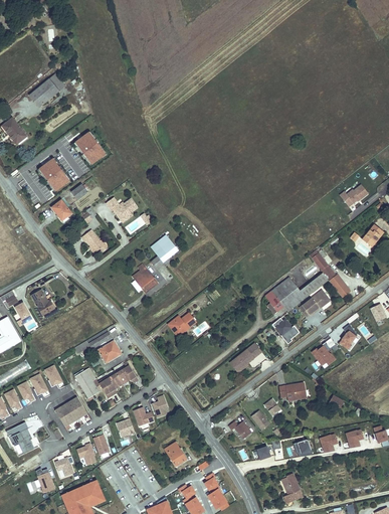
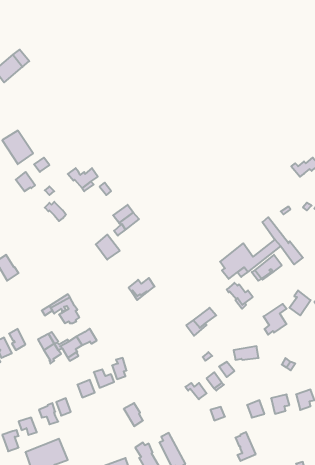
building: [74,131,107,166] -> none
building: [55,397,87,426] -> none

